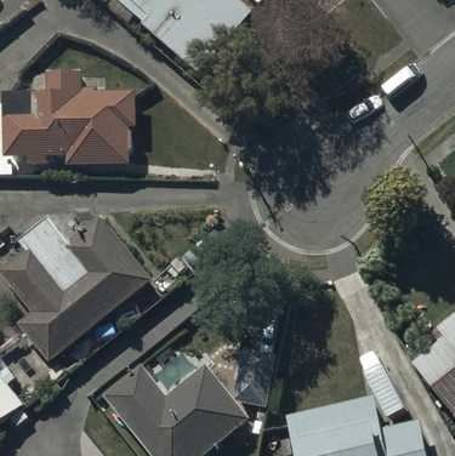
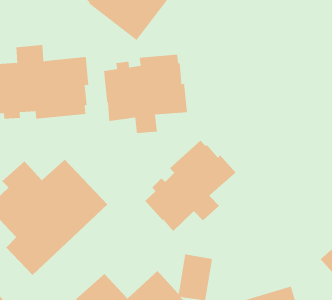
building: none -> [104,54,187,134]
building: none -> [144,140,237,232]

